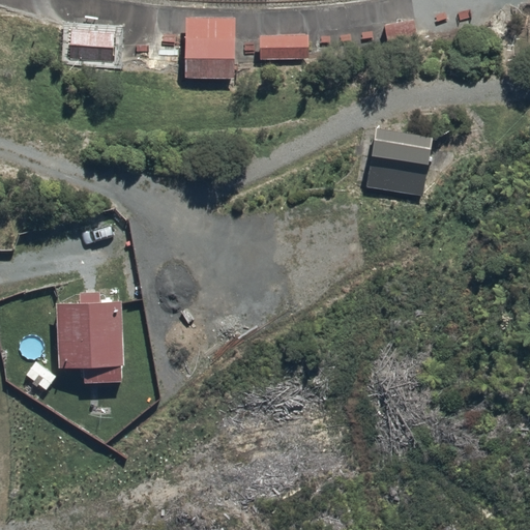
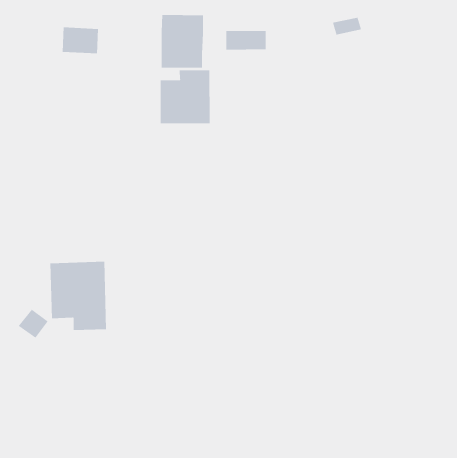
building: none -> [160,69,210,124]
building: [364,127,431,197] -> none

